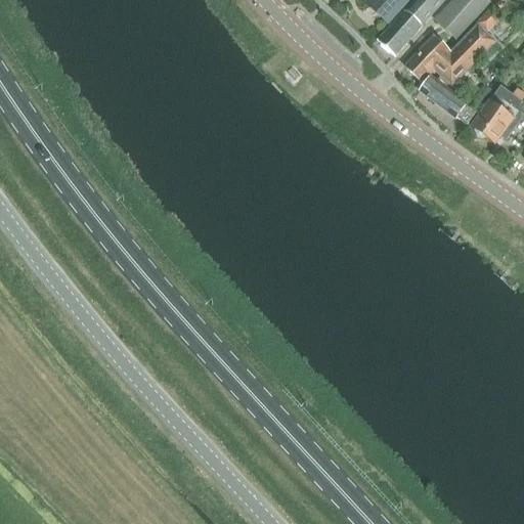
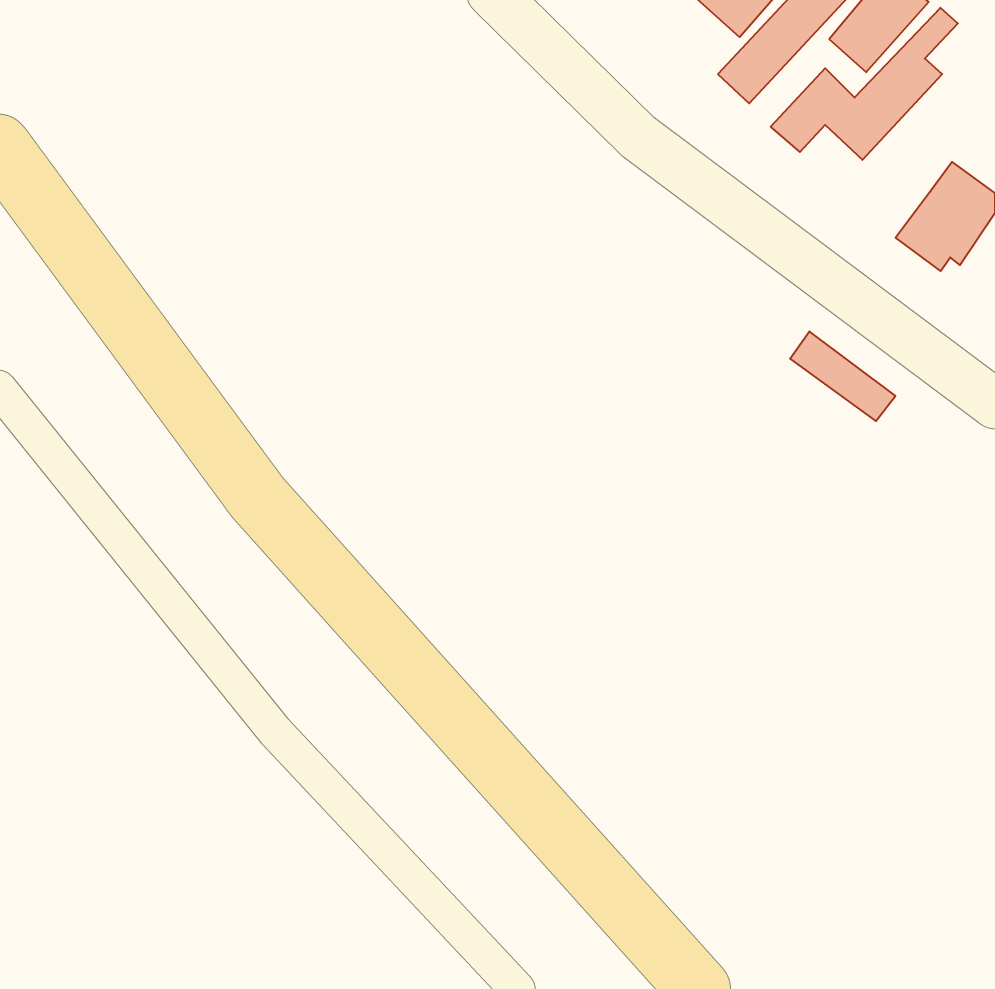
building: [420,74,475,121] -> [790,331,895,421]

